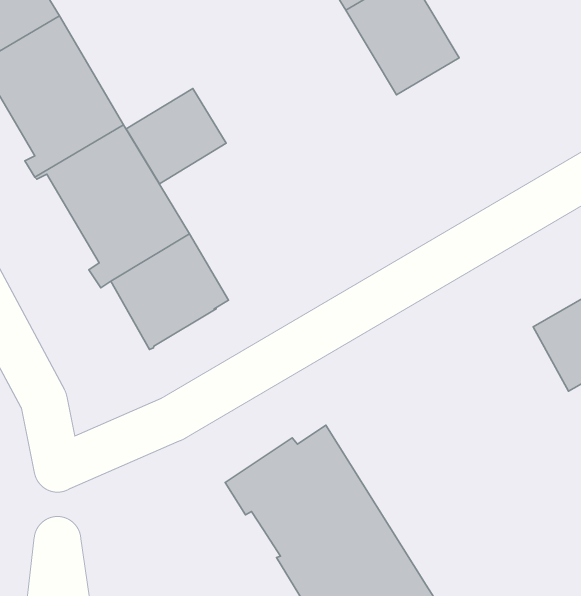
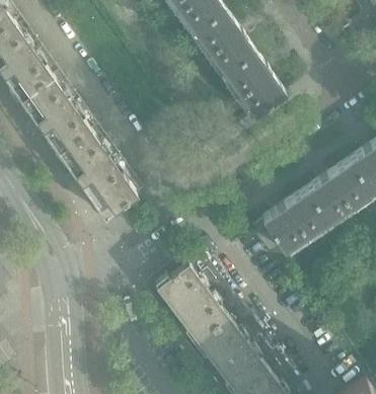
building: none -> [225,55,288,120]
building: [126,89,226,184] -> none
building: none -> [254,193,328,256]

